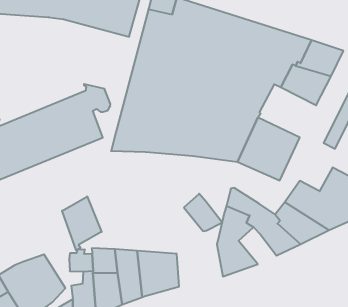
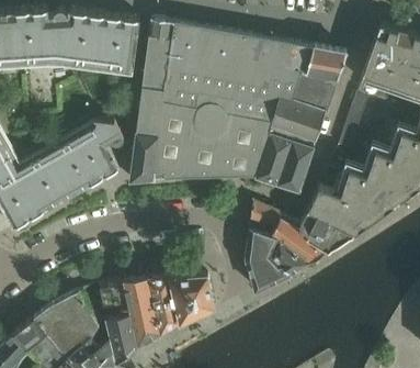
building: none -> [271,97,327,146]
building: [184,194,222,231] -> [268,241,307,277]
building: [62,196,102,250] -> none

